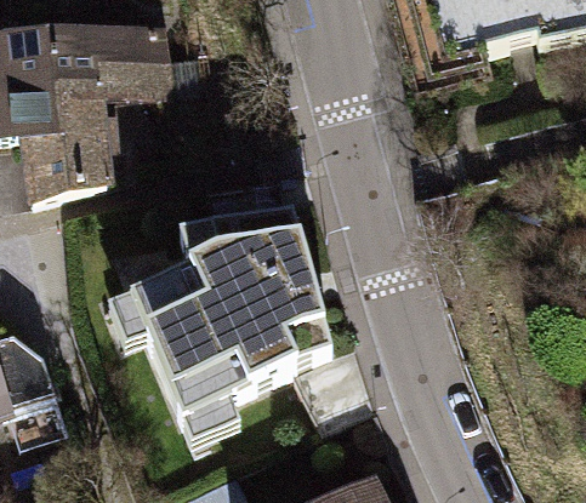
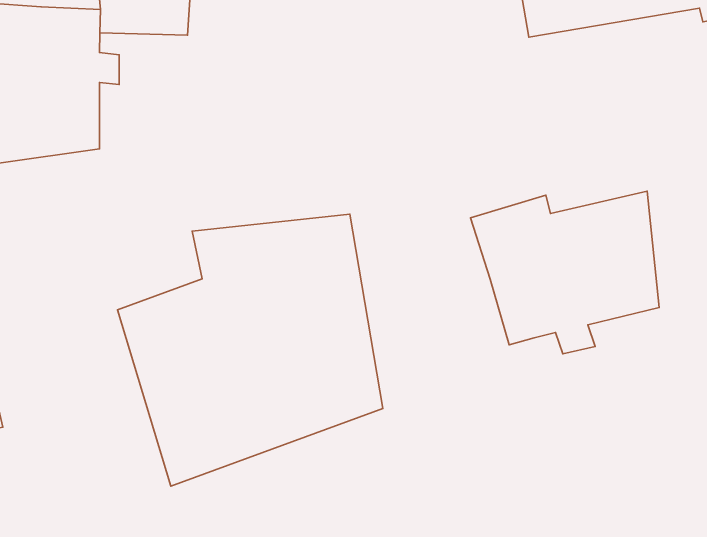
building: none -> [471,191,659,354]

